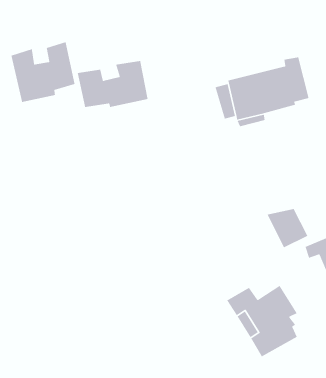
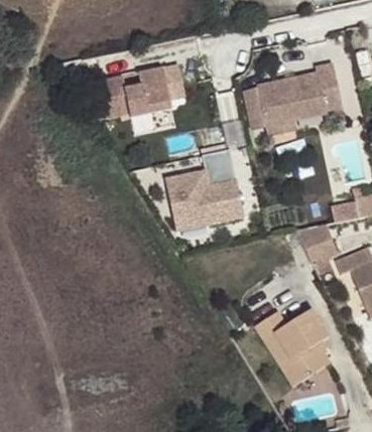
building: [10,41,76,103] -> none
building: none -> [165,149,246,231]

